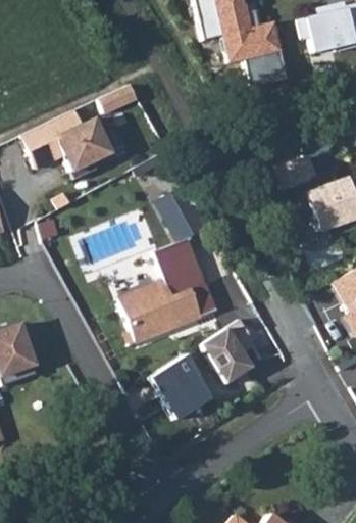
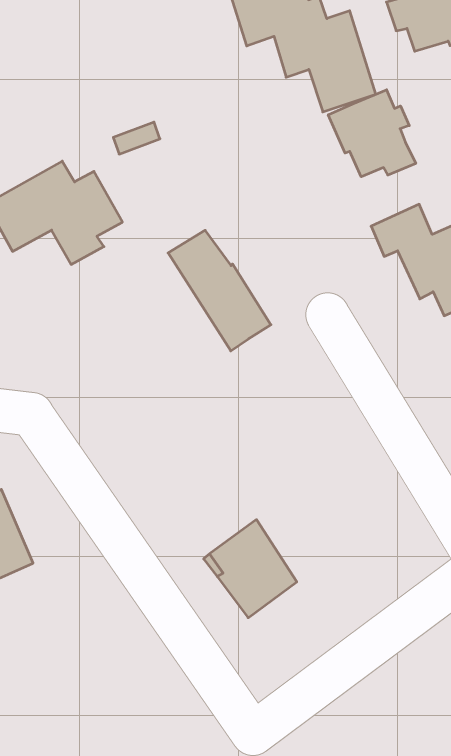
building: none -> [328,90,416,177]
building: [119,235,218,341] -> none
building: [201,319,257,383] -> none

